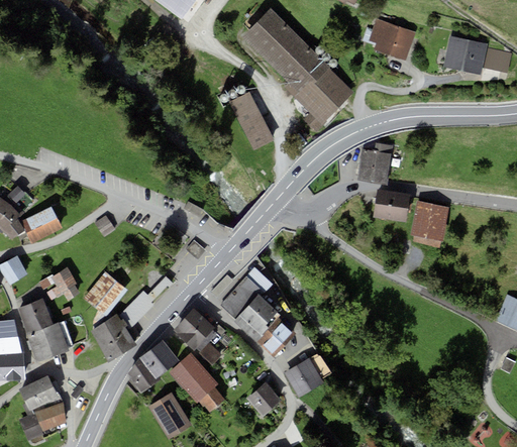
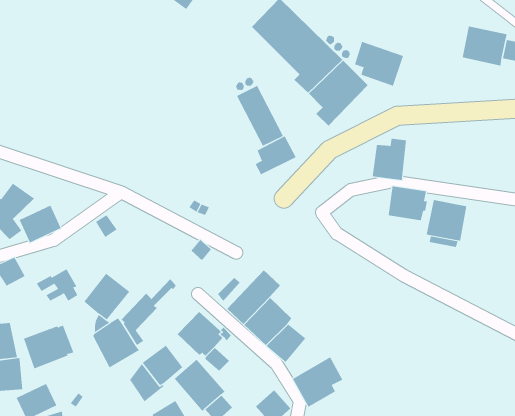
building: [368,17,415,61] -> [354,41,404,87]
building: none -> [255,136,297,175]
building: [16,298,53,333] -> none

